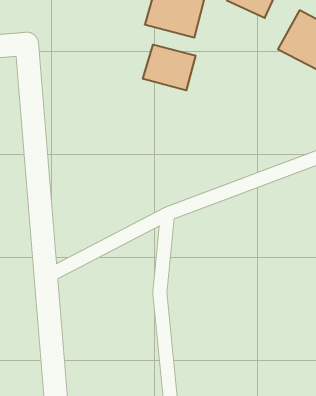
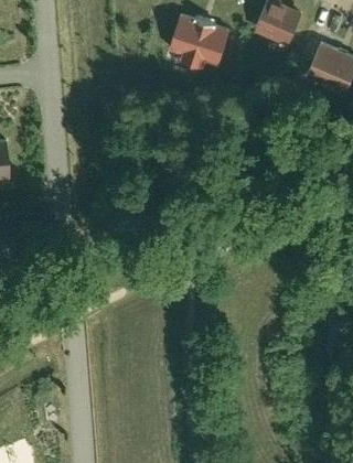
building: [143,45,195,90] -> none

